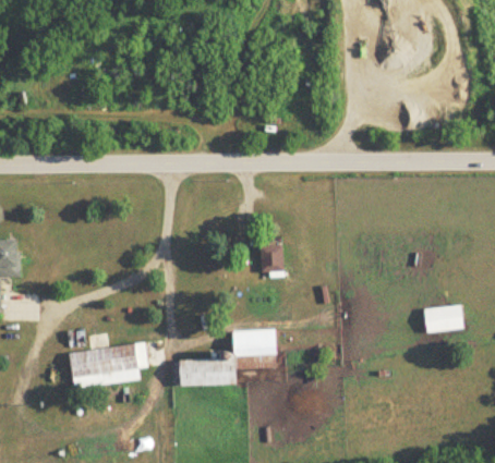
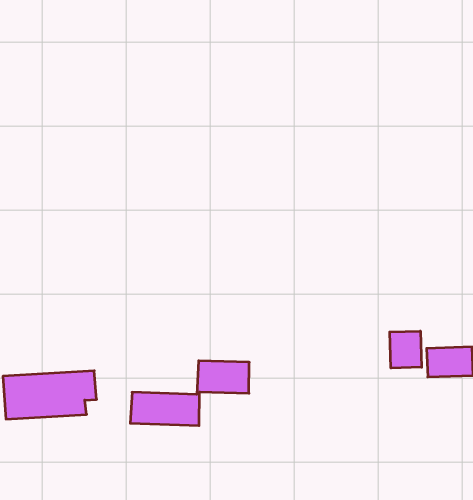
building: [261,245,283,272] -> none
building: none -> [390,331,422,368]

